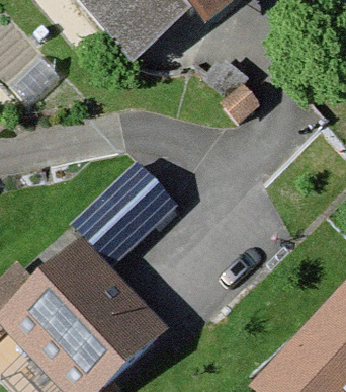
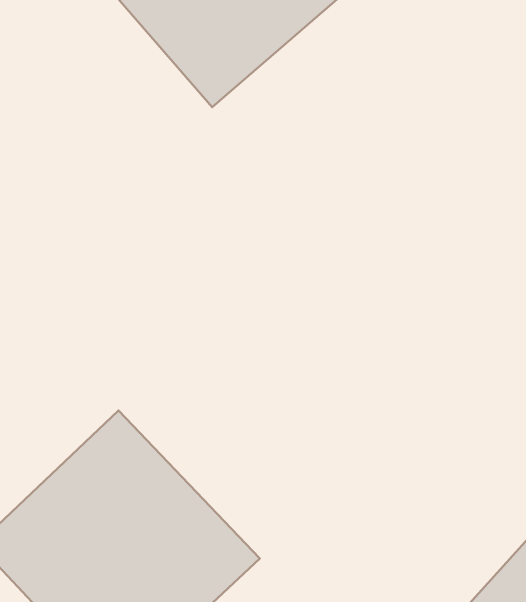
building: [71,158,176,261] -> none

